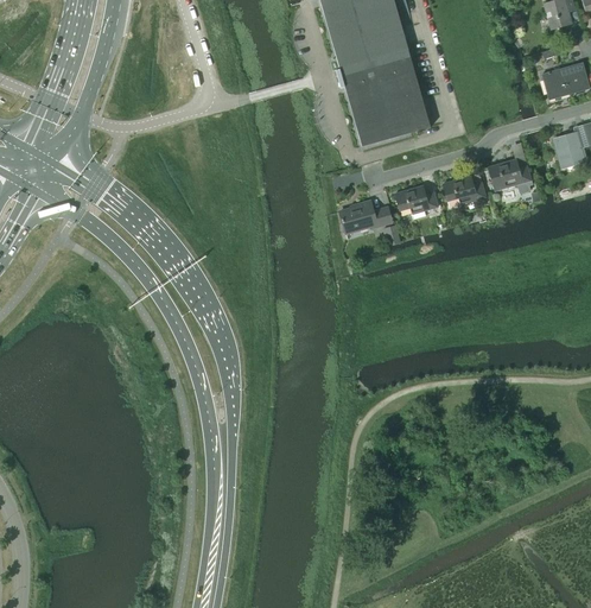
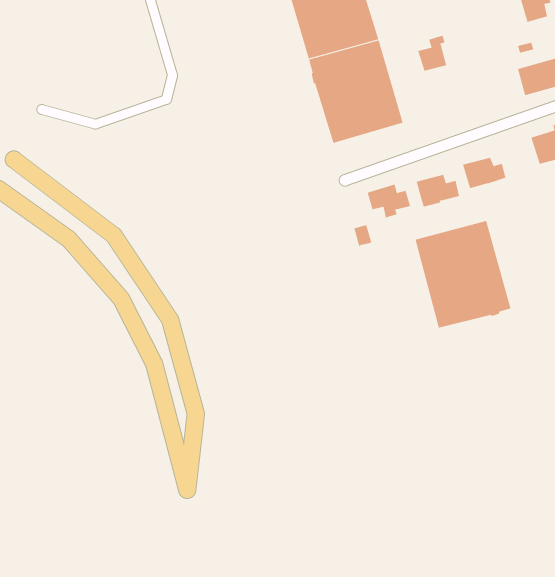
building: none -> [418,35,447,72]
building: [339,201,392,232] -> none
building: none -> [415,220,511,329]

